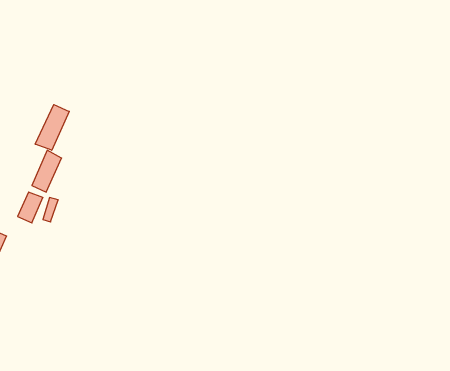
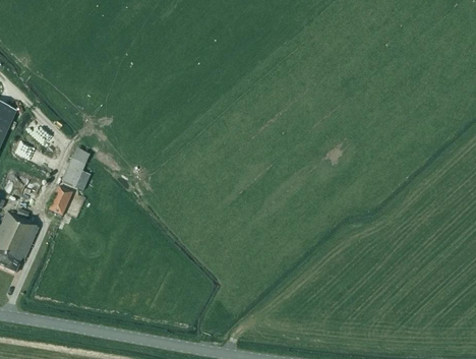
building: [35,105,69,150] -> none

